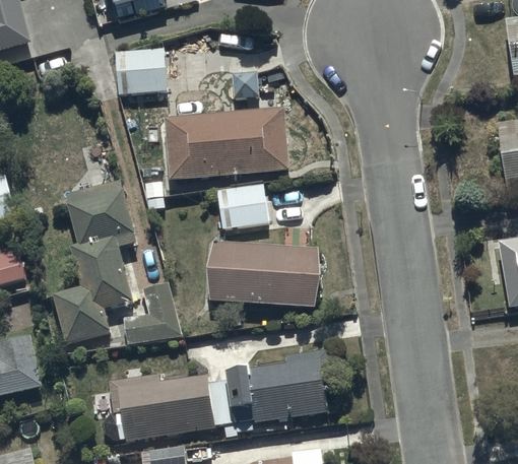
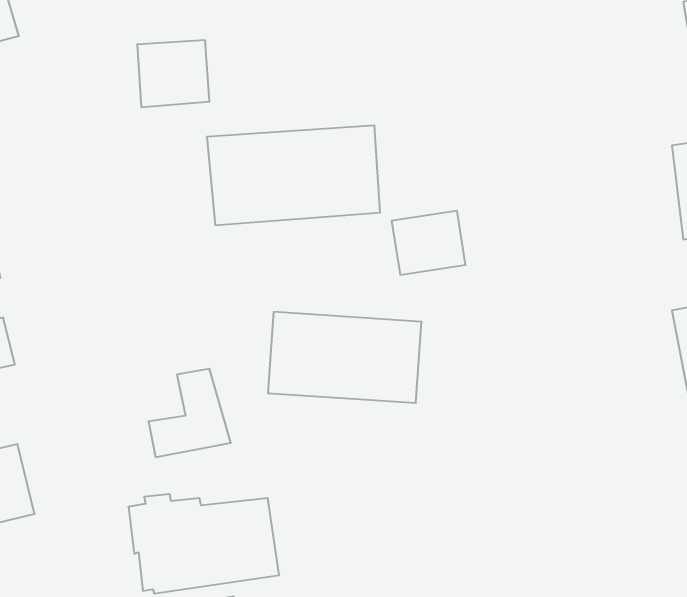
building: [51,178,137,342] -> none
building: [215,184,268,229] -> [392,211,466,275]
building: [226,351,331,425] -> none

